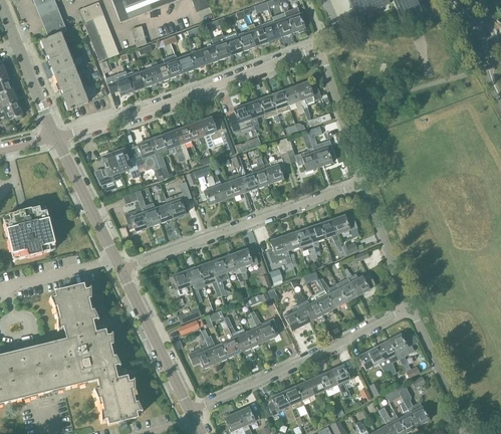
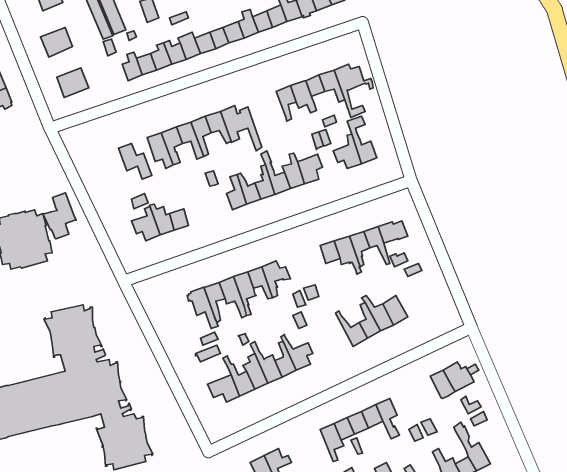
building: [39,31,67,57] -> none
building: [53,65,80,91] -> none
building: [227,103,254,132] -> none
building: [93,152,121,191] -> [43,193,76,239]
building: [166,180,191,217] -> none
building: [266,234,292,262] -> none
building: [343,266,374,294] -> none
building: [283,291,311,330] -> none
building: [359,345,390,373] -> none
building: [268,390,294,419] -> none

